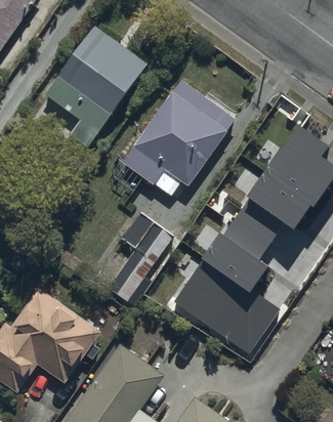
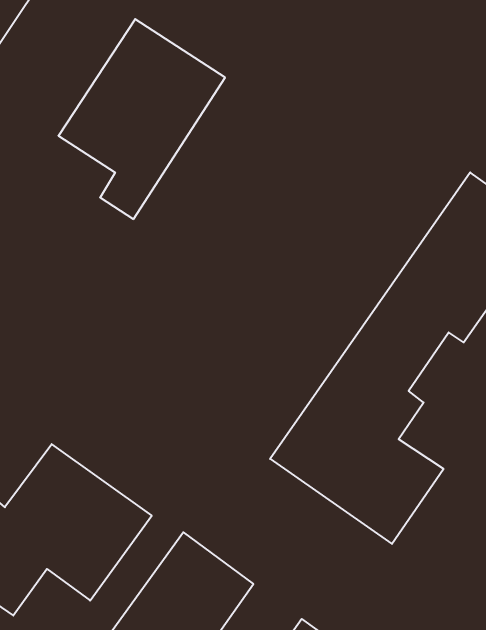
building: [122,81,236,197] -> none
building: [111,213,174,299] -> none

